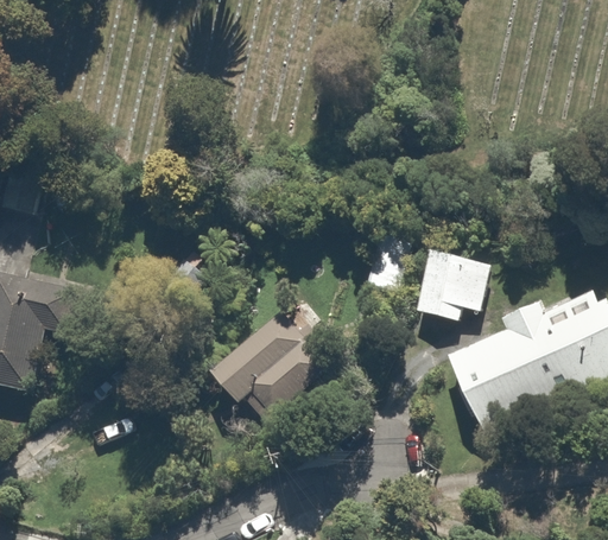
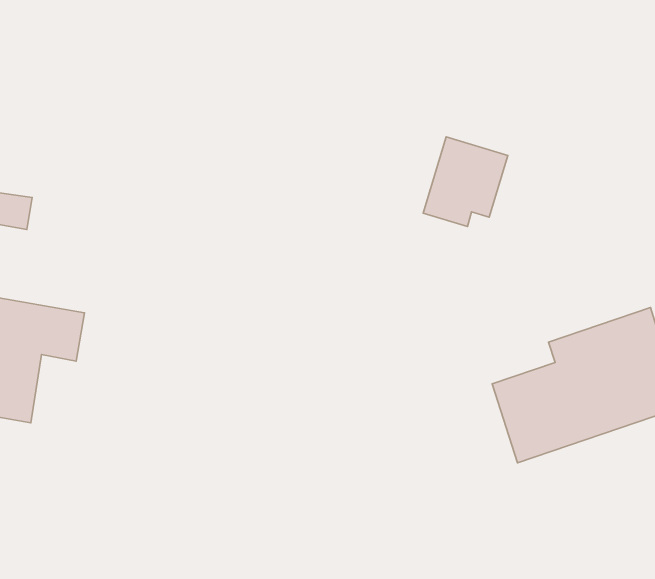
building: [419,247,494,326] -> [423,137,508,227]
building: [201,307,314,417] -> none

